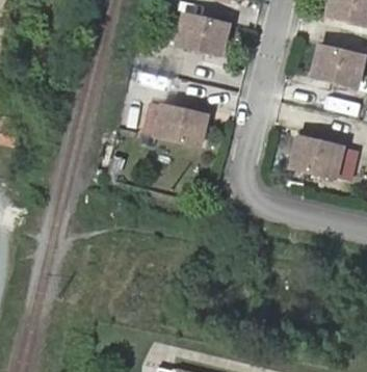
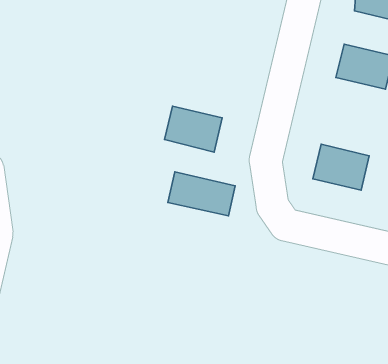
building: [178,12,229,53] -> none
building: none -> [168,172,235,216]

